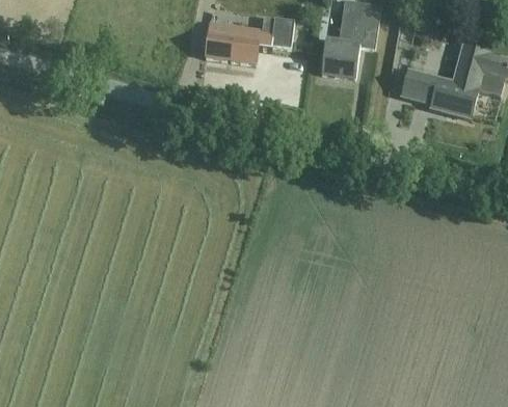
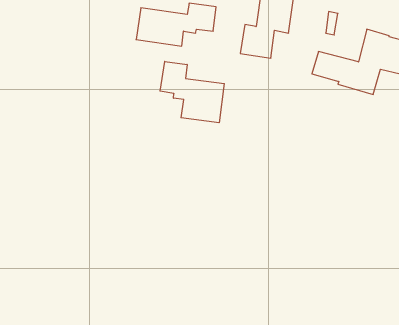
building: none -> [160,61,224,123]

